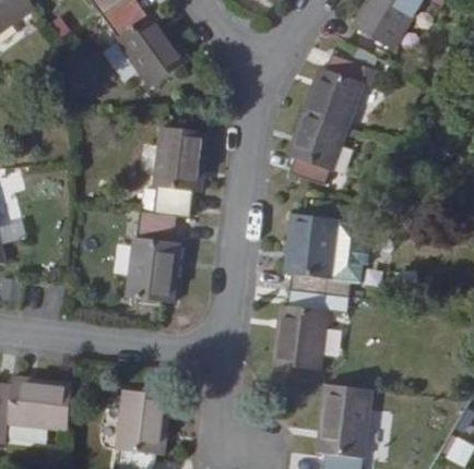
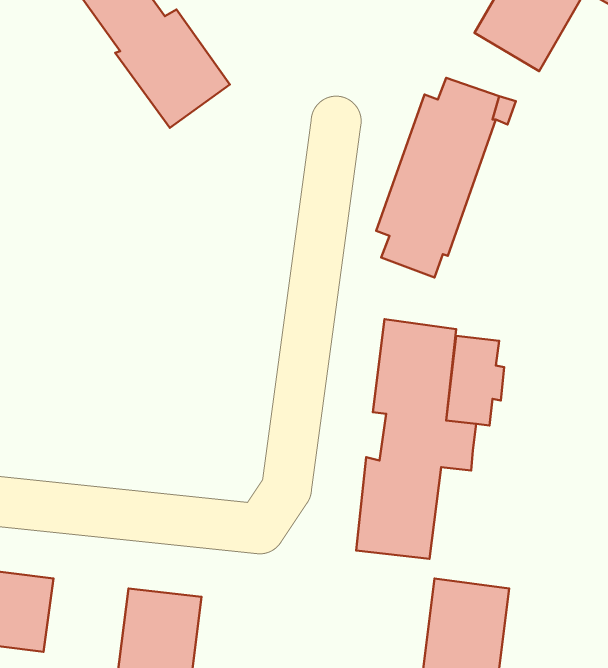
building: [126,127,210,304] -> none

